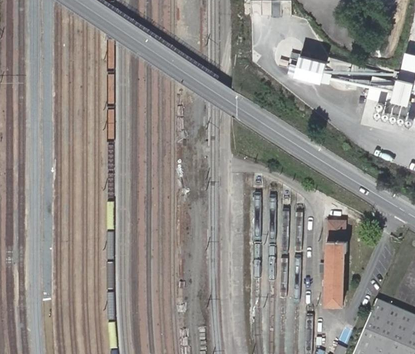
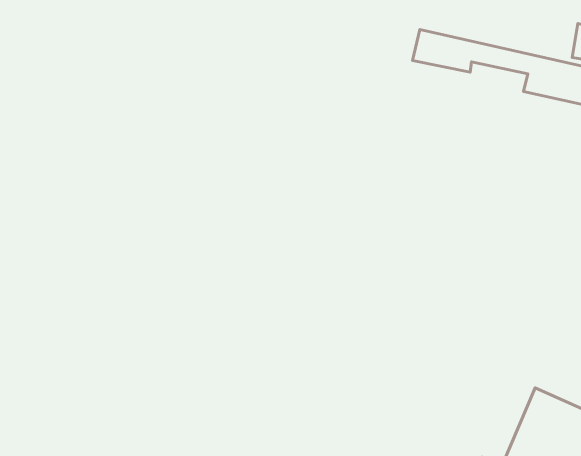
building: [326,221,347,305] -> none

